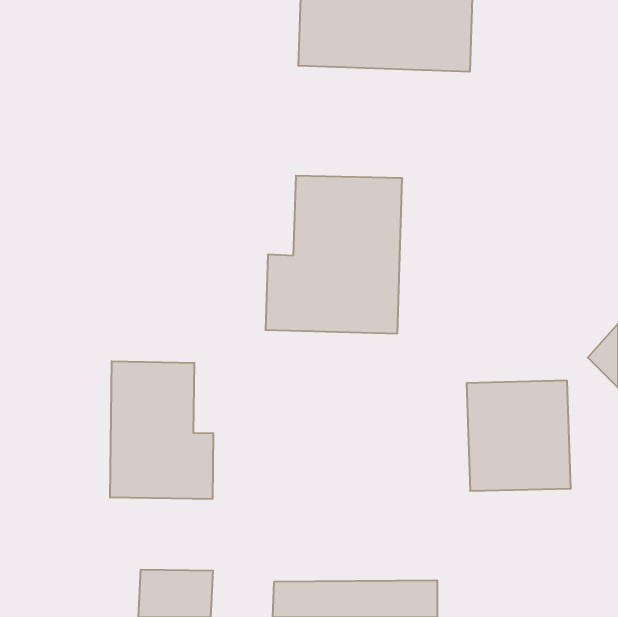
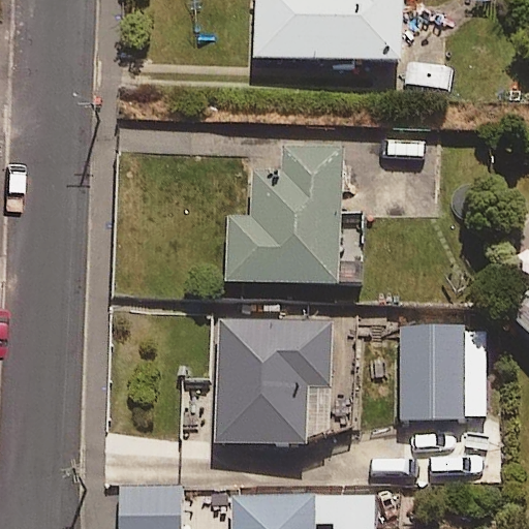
building: [110,361,213,499] -> none
building: none -> [215,319,332,443]

